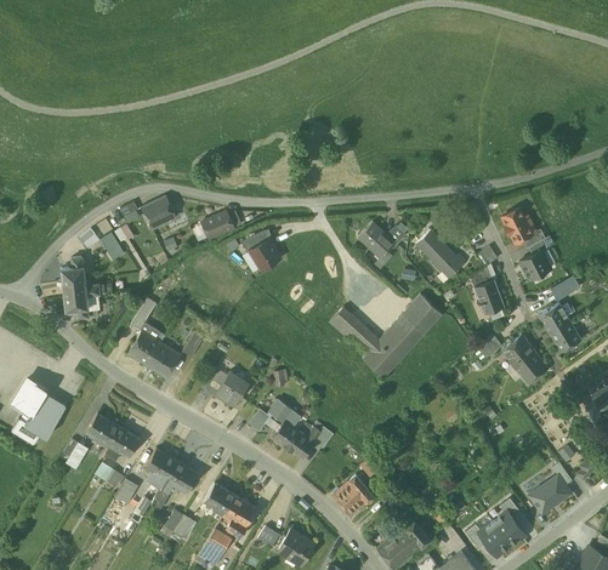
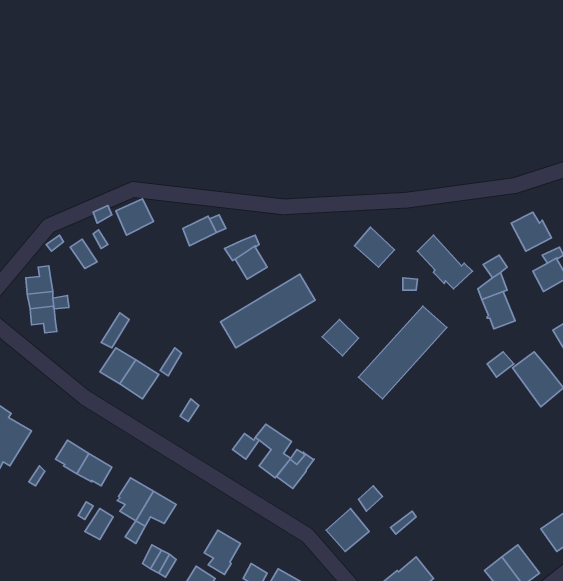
building: none -> [221,274,315,348]
building: [215,371,250,409] -> none
building: [204,484,234,517] -> none

